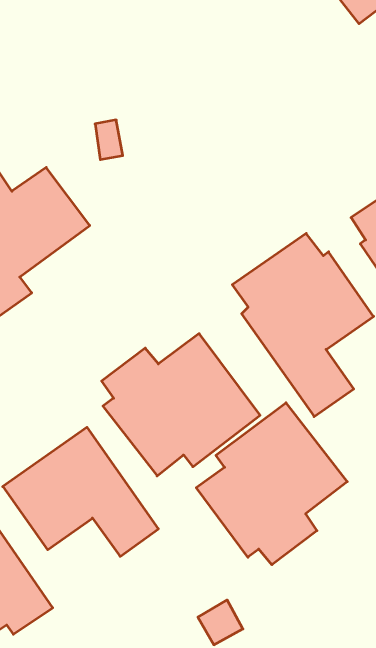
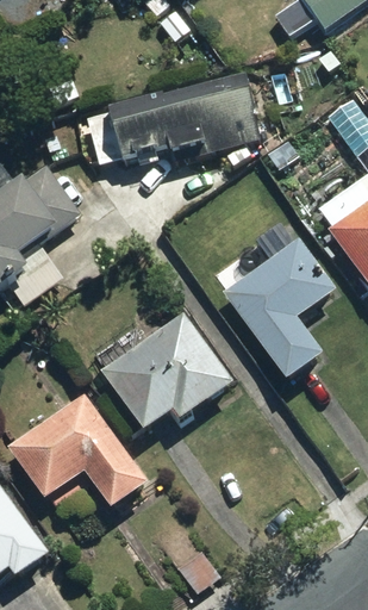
building: none -> [107,73,263,161]
building: [196,403,347,565] -> none

